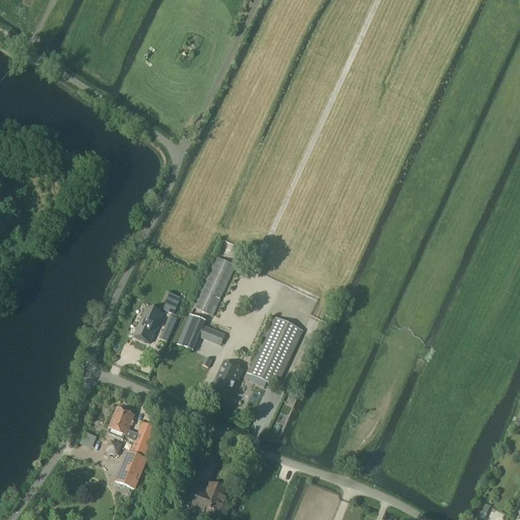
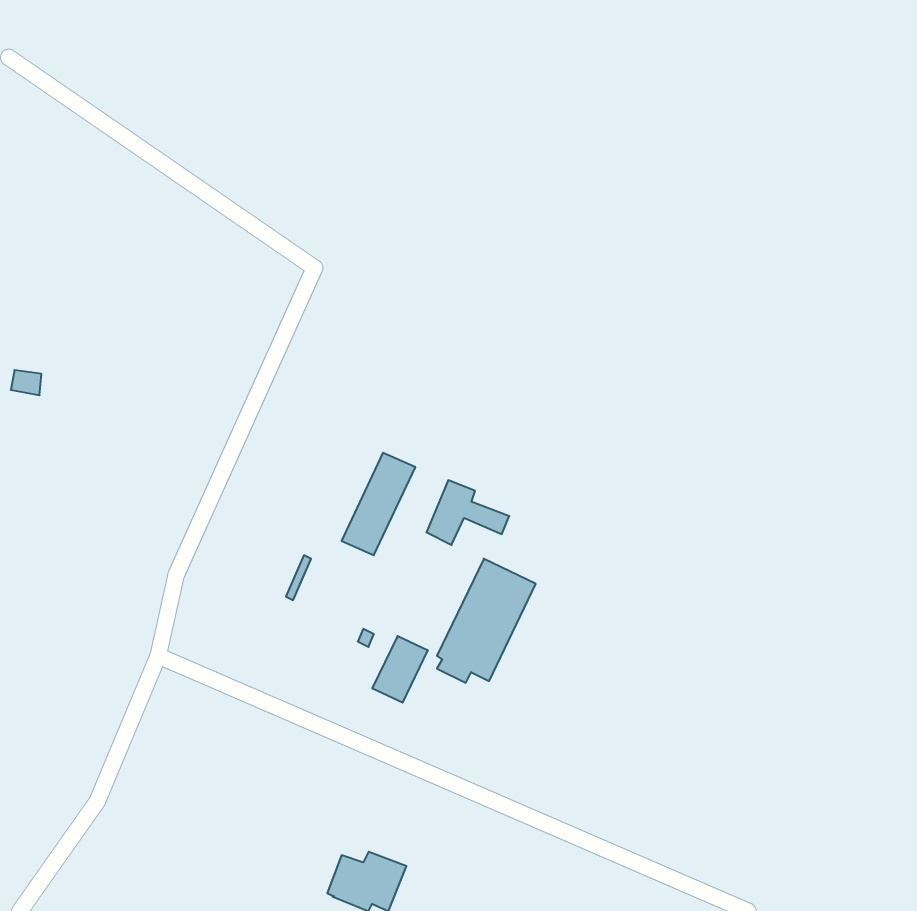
building: [134,306,164,341] -> none
building: [179,313,225,349] -> [426,480,509,545]
building: [109,406,155,488] -> none

